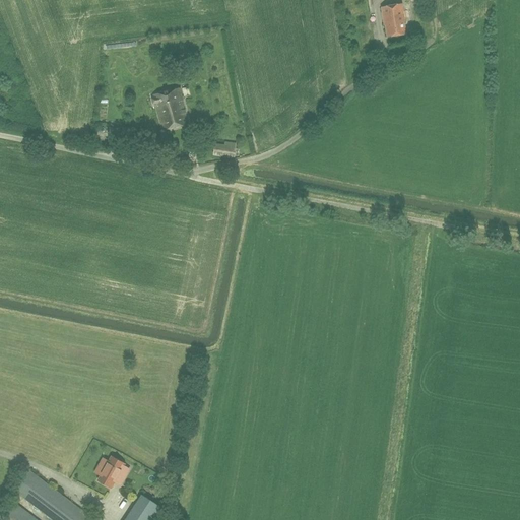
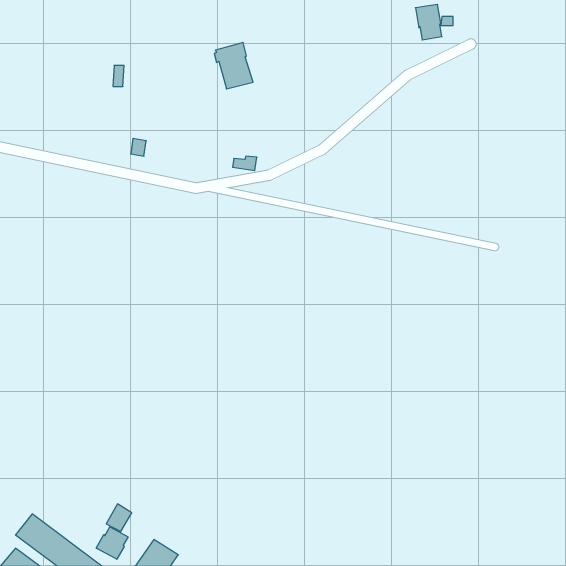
building: [152,87,188,130] -> [214,42,253,89]
building: none -> [96,527,128,559]

